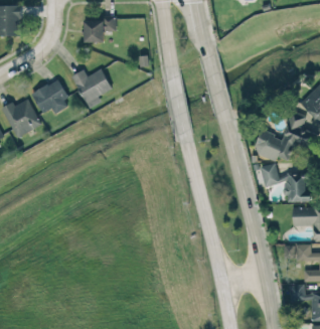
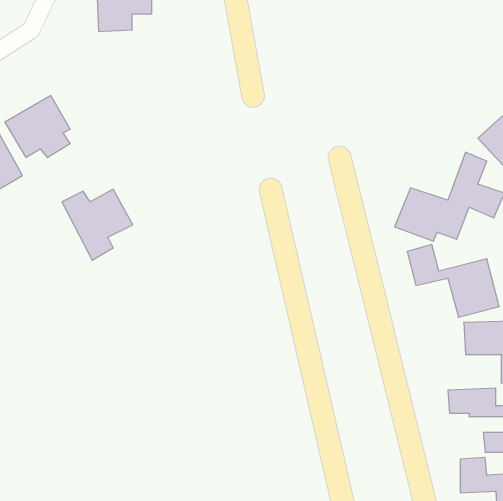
building: [71,68,112,109] -> [62,189,133,260]

